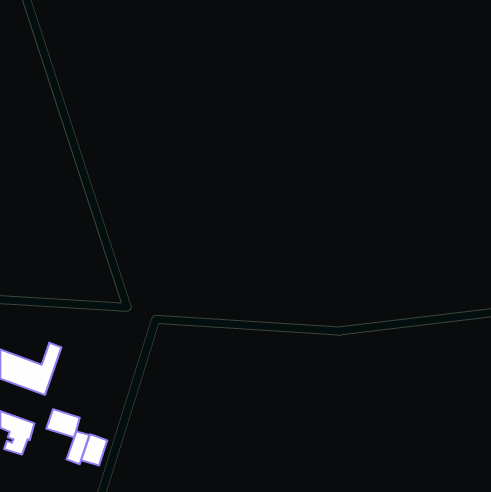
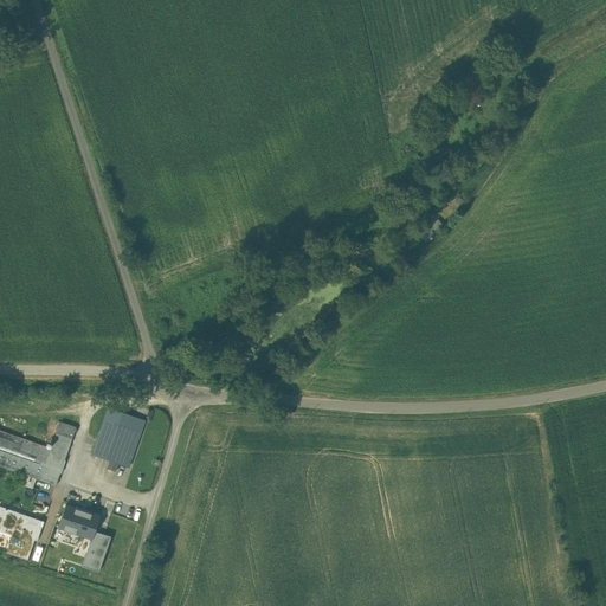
building: none -> [94,408,143,465]
building: [81,434,107,466] -> none

